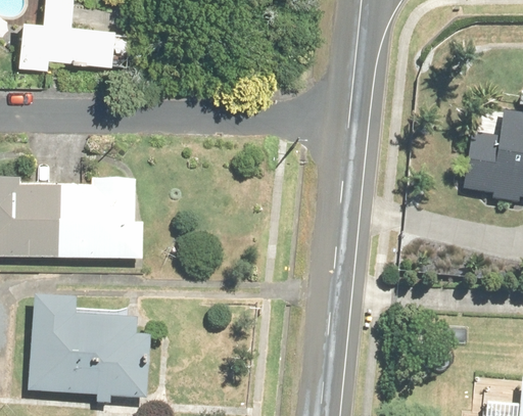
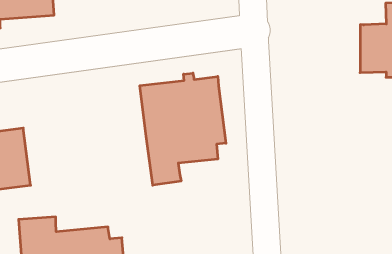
building: none -> [140,73,226,185]
building: [55,181,144,259] -> none

